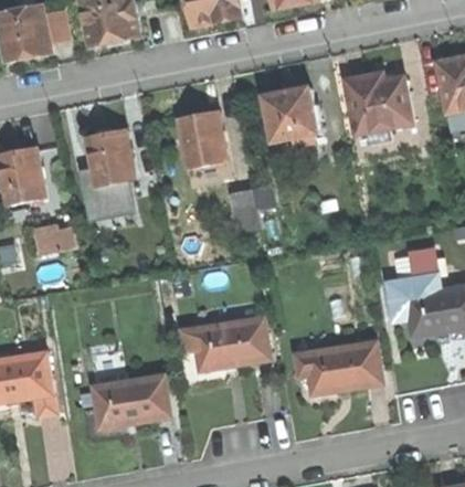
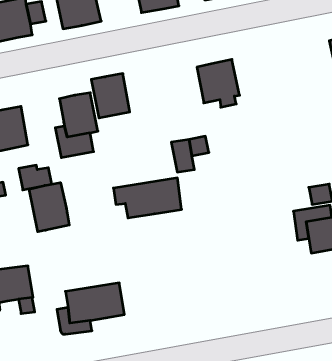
building: [345,71,412,142] -> none
building: [177,109,226,167] -> [91,74,130,118]
building: none -> [29,183,69,232]
building: [180,317,268,369] -> [113,178,182,218]
building: [294,341,382,393] -> none

